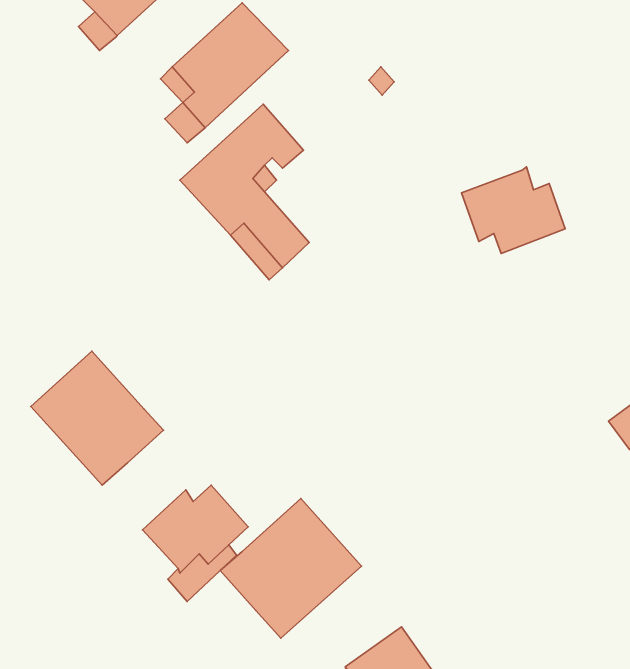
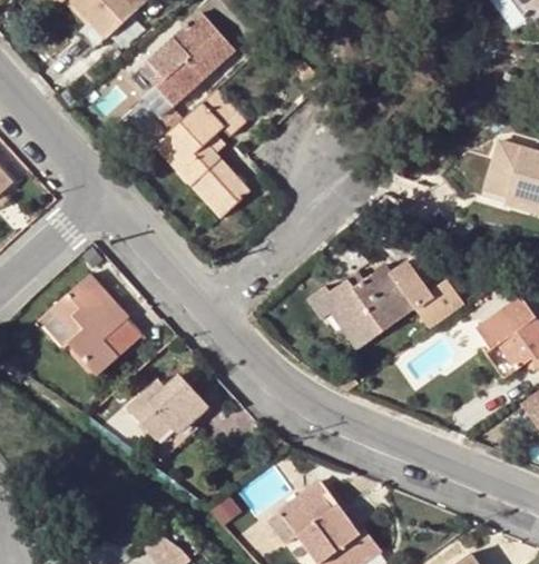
building: [462,167,565,253] -> none
building: none -> [307,260,461,348]
building: [220,498,362,638] -> none

